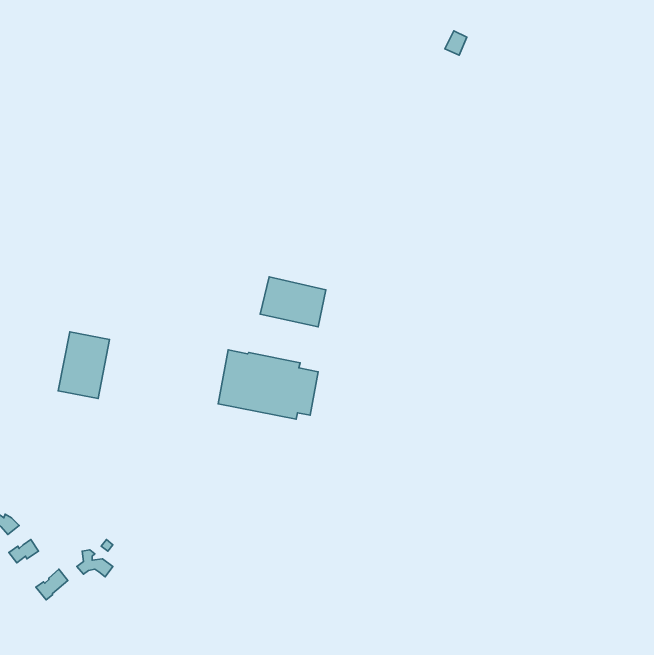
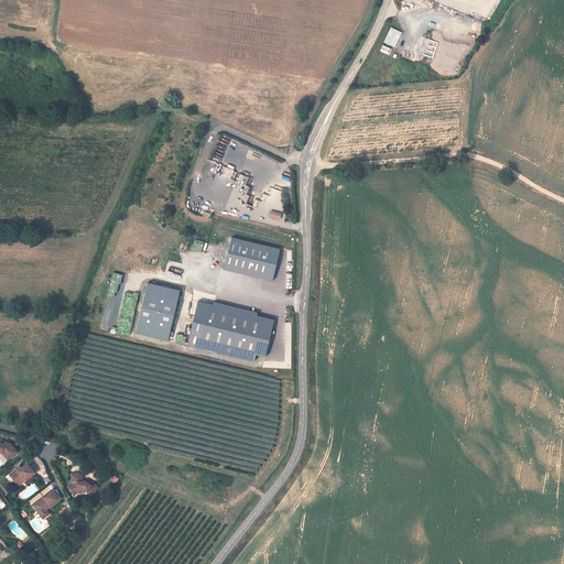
building: [58,332,110,399] -> [135,283,180,340]

